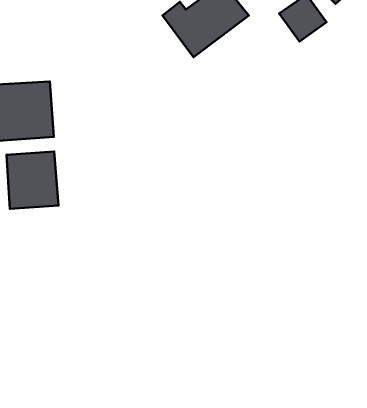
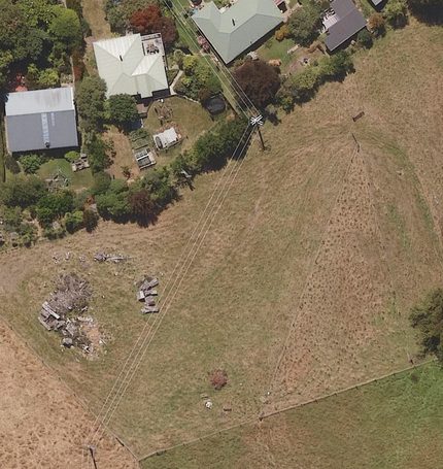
building: none -> [95,34,167,98]
building: [6,151,59,209] -> none

